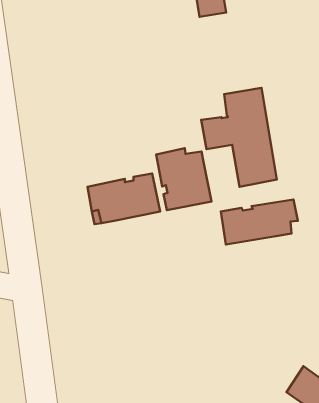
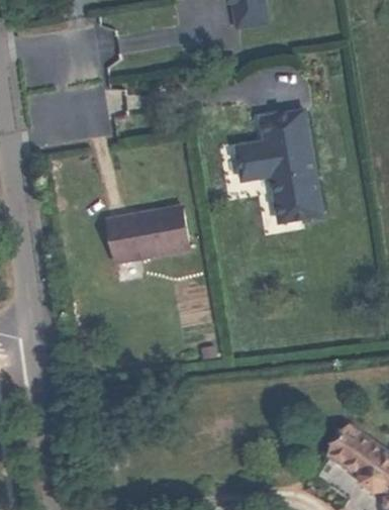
building: [156,148,212,210] -> none
building: [221,200,298,245] -> none

